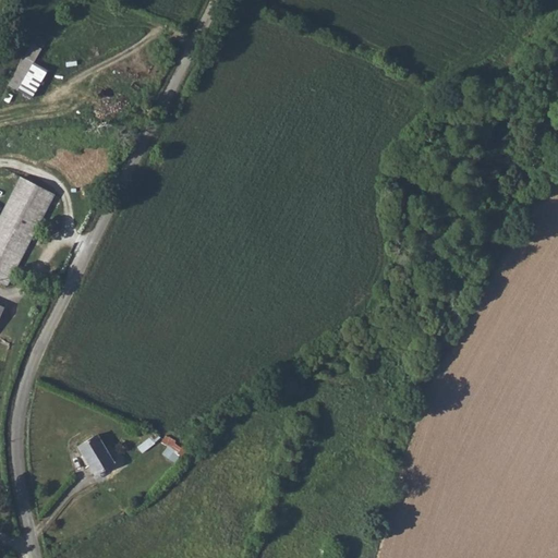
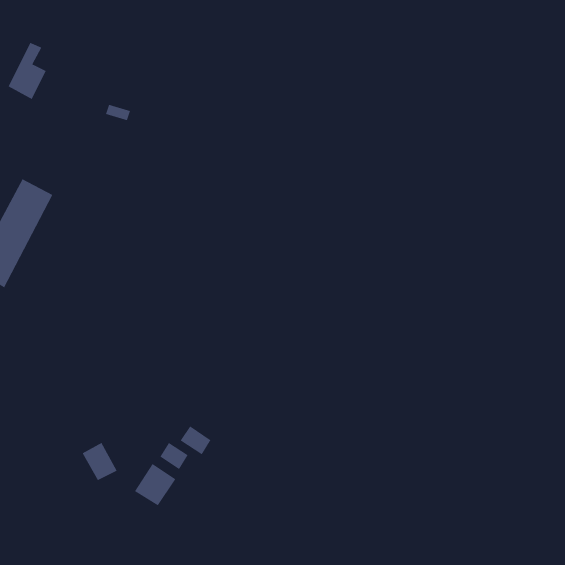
building: none -> [180,425,211,455]
building: none -> [134,463,176,506]

